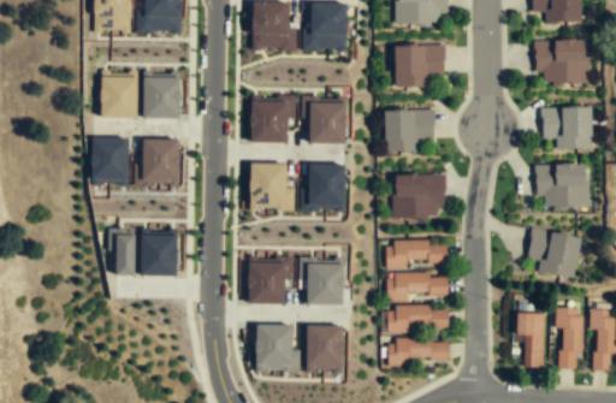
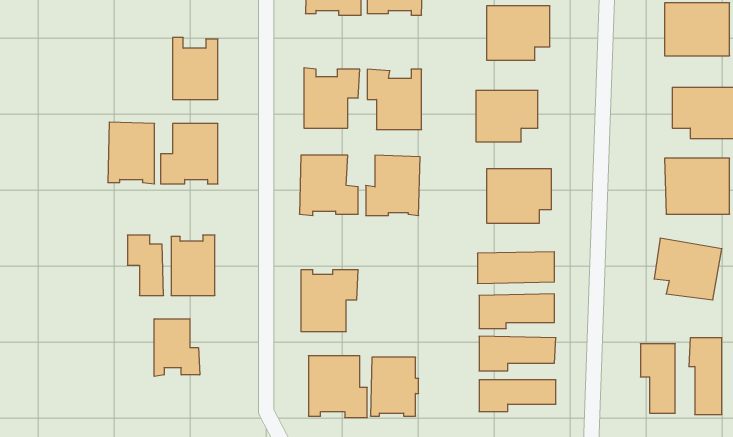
building: [101,69,138,117] -> none
building: [297,255,340,304] -> none
building: none -> [154,319,200,376]

